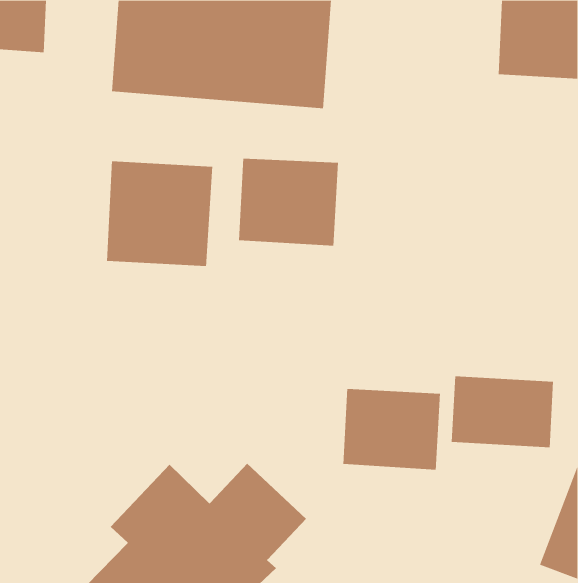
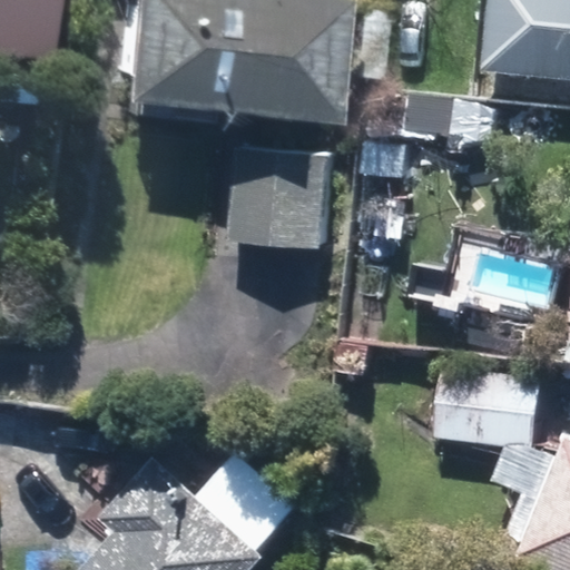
building: [106,161,213,267] -> none
building: [343,388,441,470] -> none

